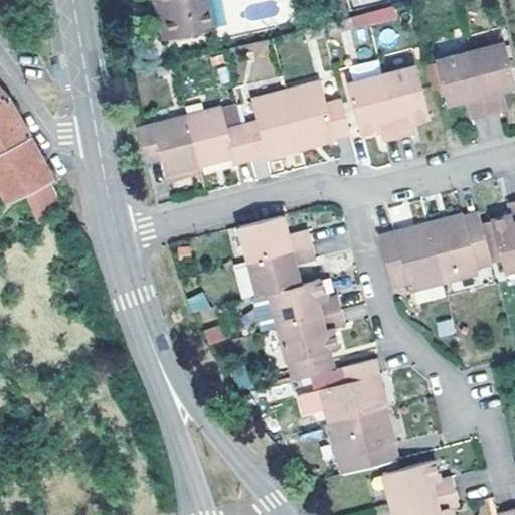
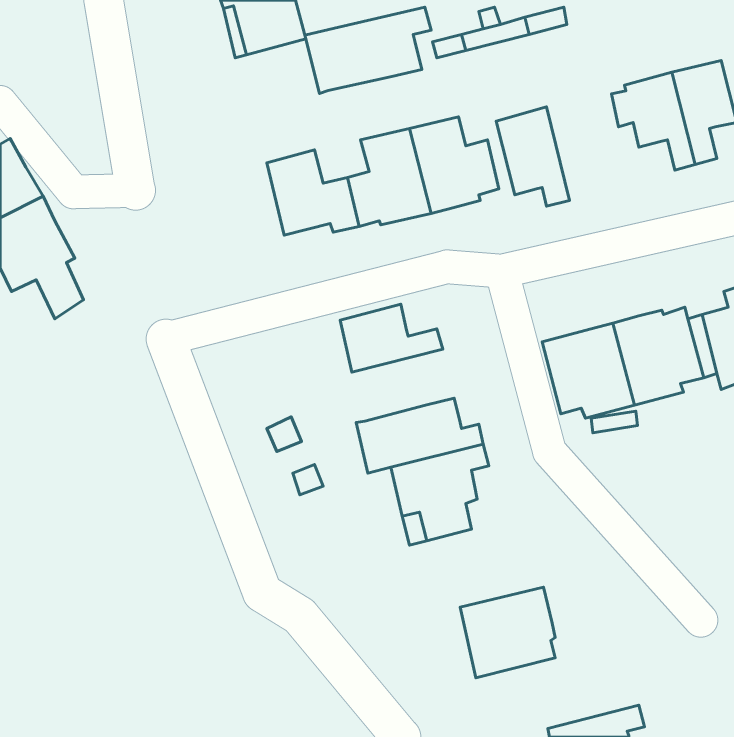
building: none -> [305,7,431,93]
building: [383,66,430,140] -> none
building: [138,114,200,172] -> none
building: [247,243,314,294] -> none
building: [302,360,381,423] -> none
building: [376,462,448,508] -> none

